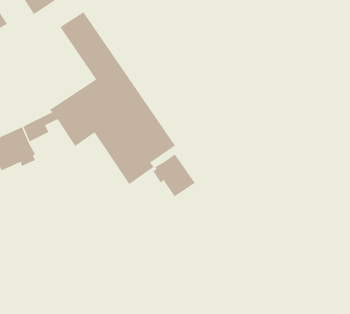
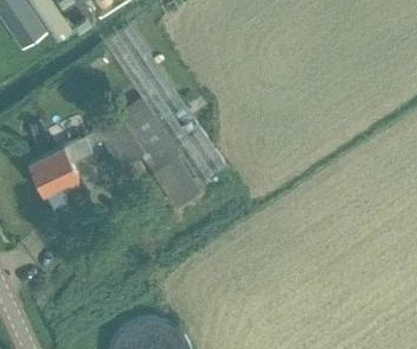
building: [152,153,195,197] -> none

